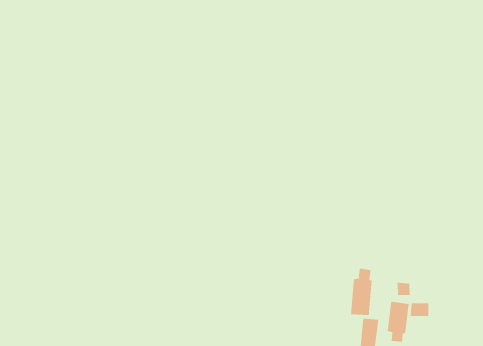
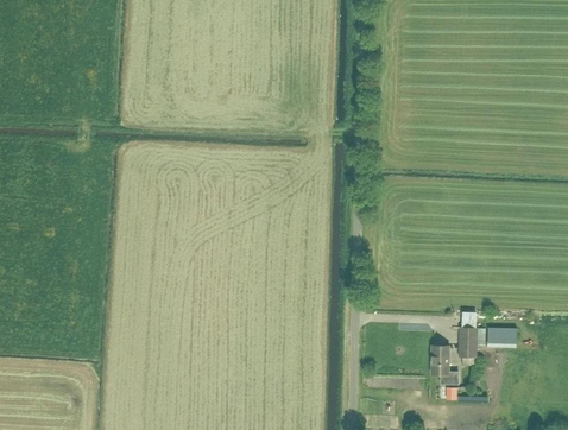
building: [350,268,372,316] -> none

